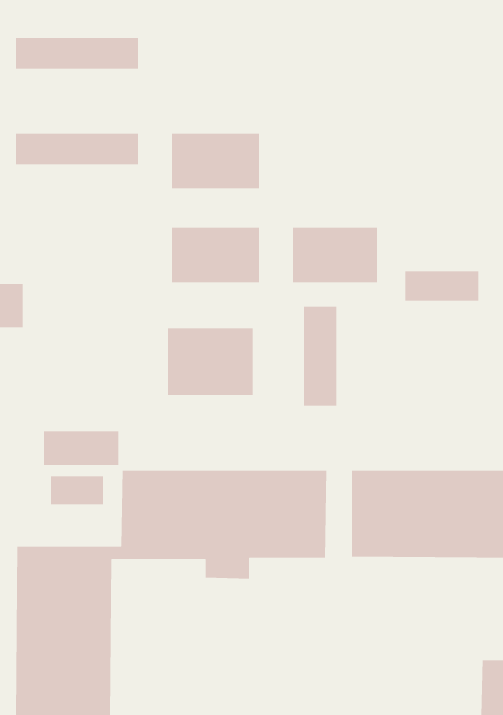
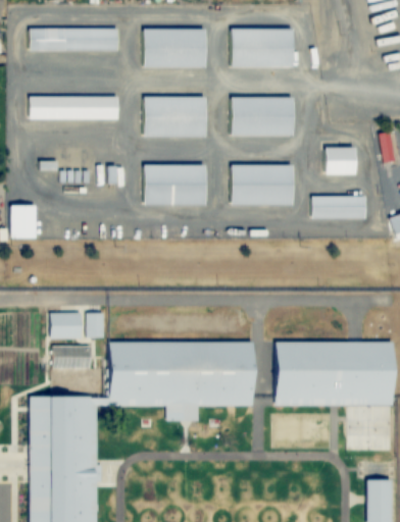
building: none -> [143,29,208,67]
building: none -> [231,29,293,66]
building: none -> [231,97,294,137]
building: none -> [323,148,355,175]
building: [303,306,337,407] -> none
building: [167,327,254,396] -> none

